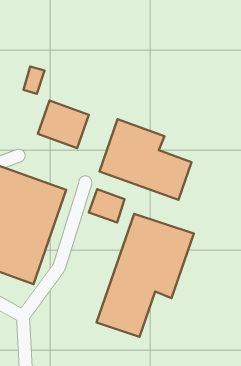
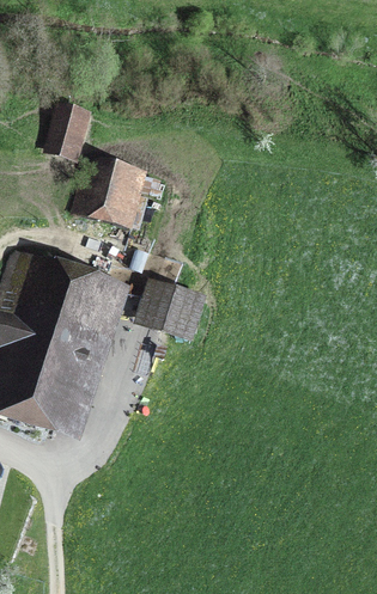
building: [99,119,192,200] -> none
building: [97,214,194,337] -> none

